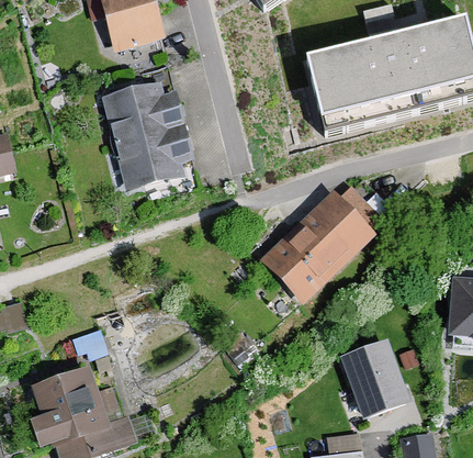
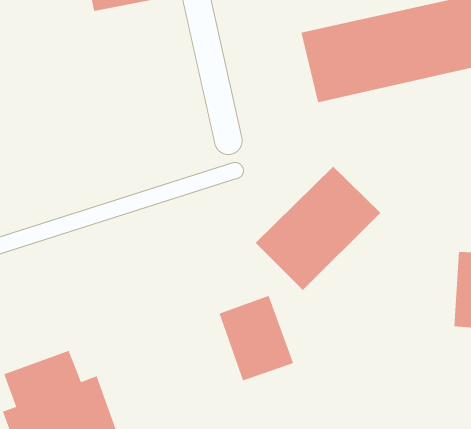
building: [102,74,194,188] -> none
building: [342,342,412,421] -> [218,295,294,382]

